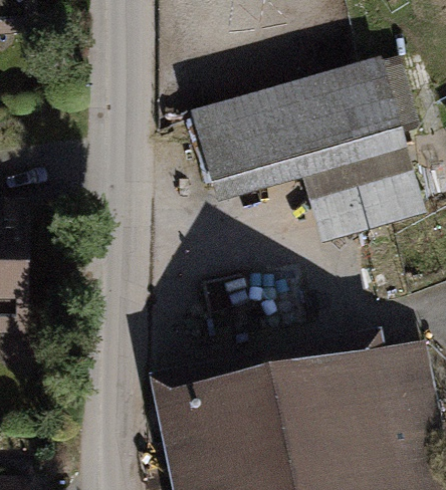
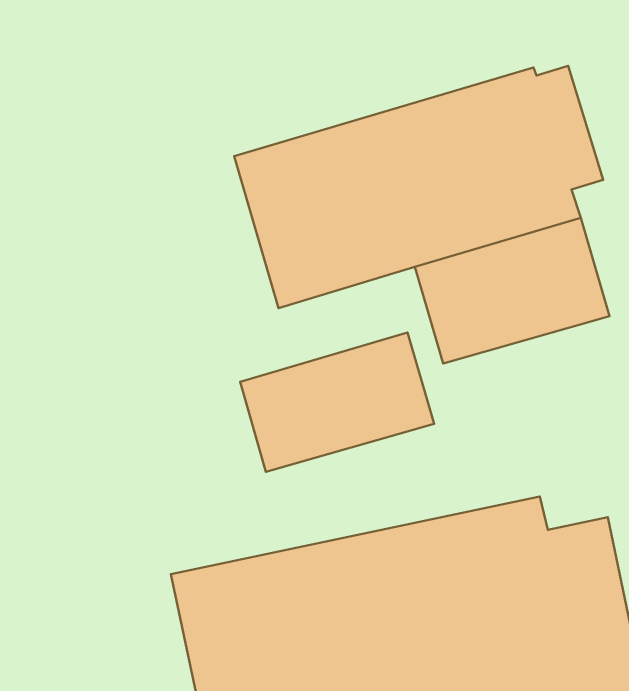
building: none -> [240,333,434,472]

